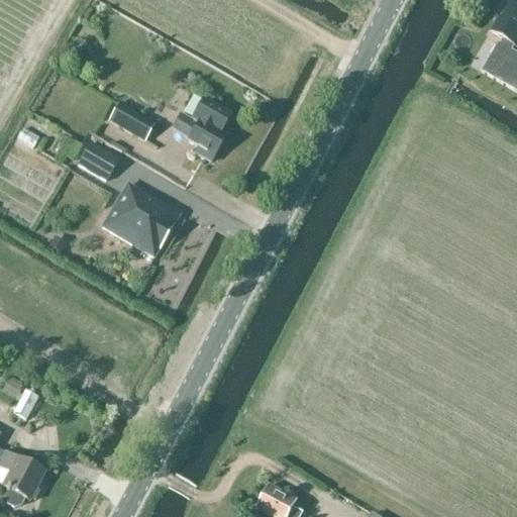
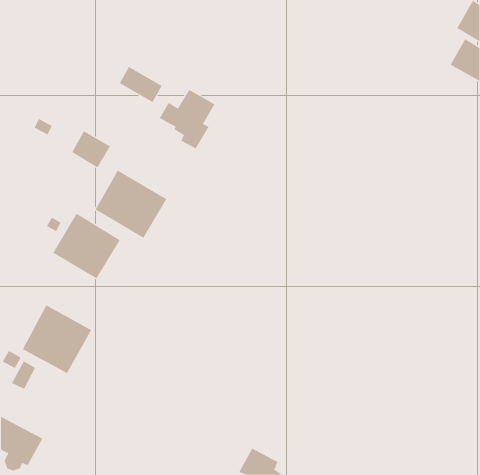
building: [109,101,156,140] -> [119,66,162,103]
building: none -> [52,213,121,279]
building: none -> [22,305,92,374]

